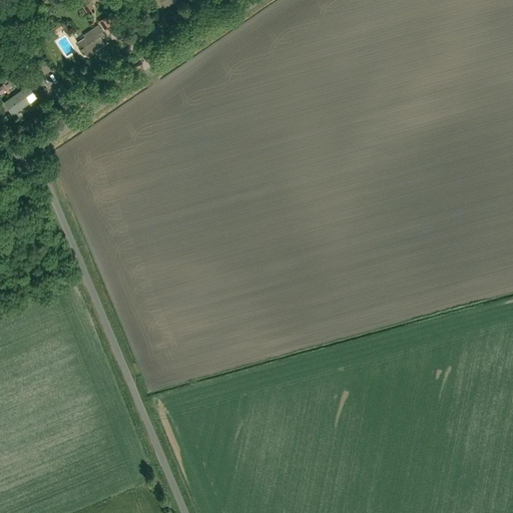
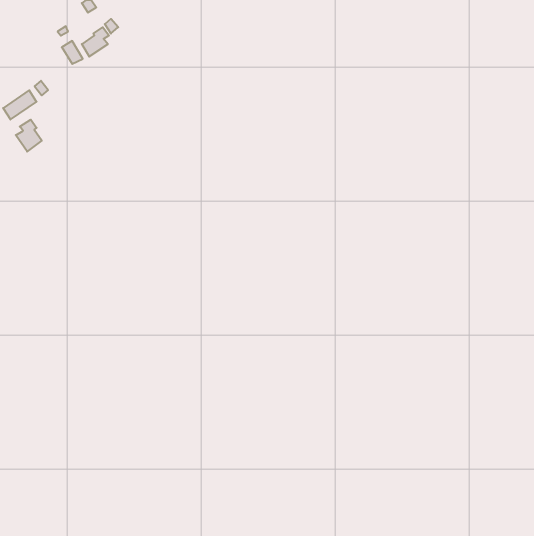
building: none -> [16,120,42,152]

